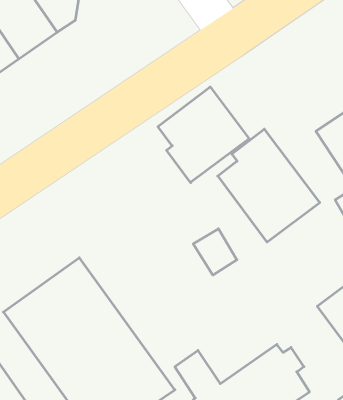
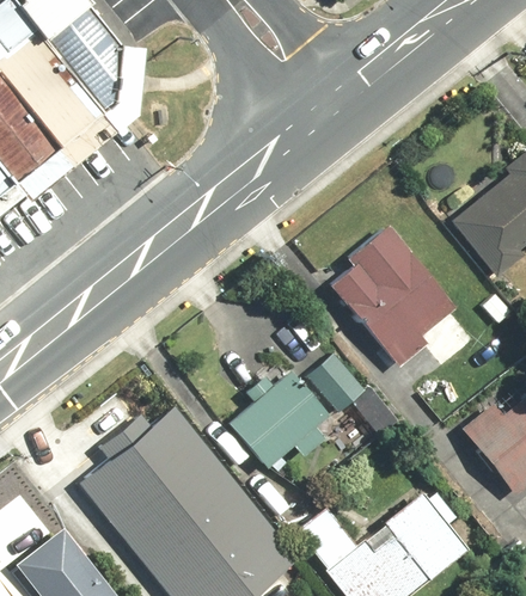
building: [158,87,249,183] -> none
building: none -> [228,364,331,469]

